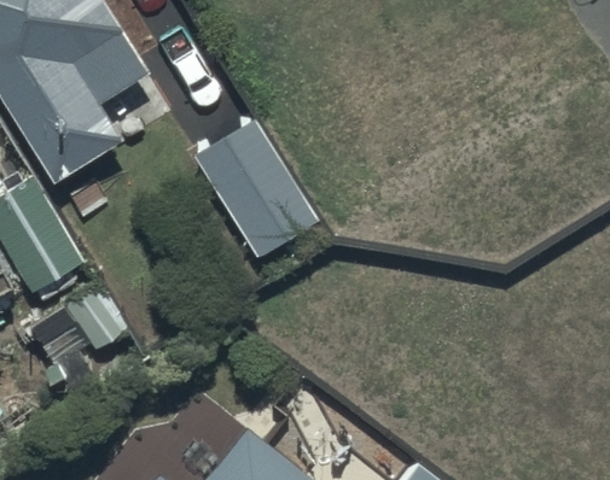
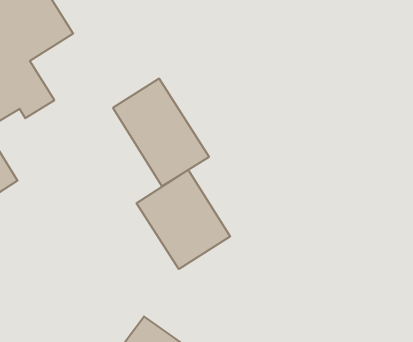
building: none -> [137,170,230,269]

